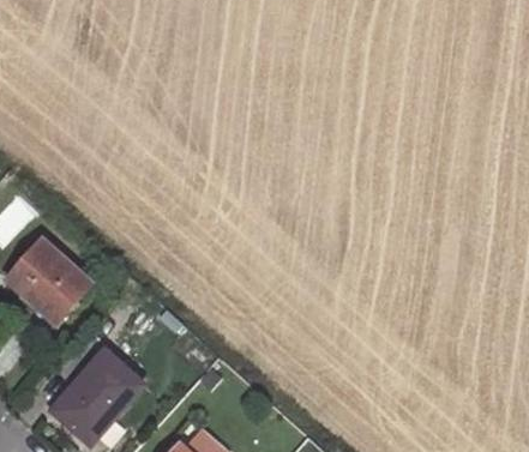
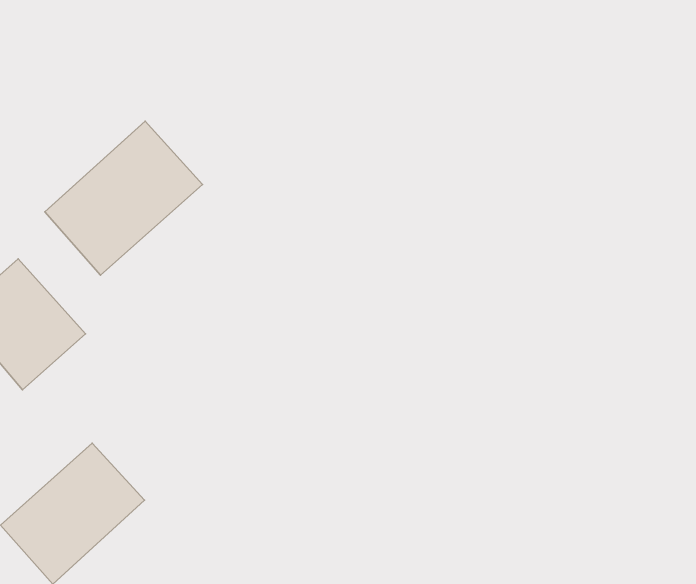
building: none -> [45,121,203,275]

